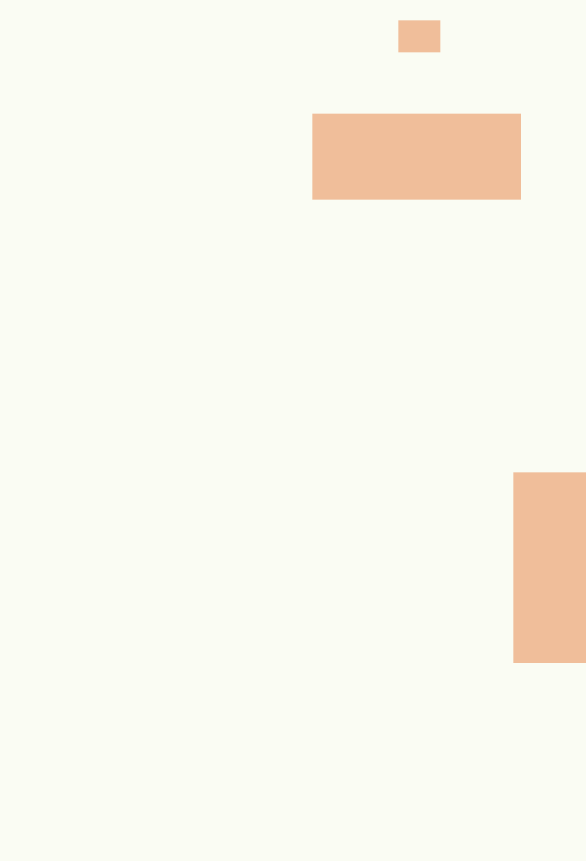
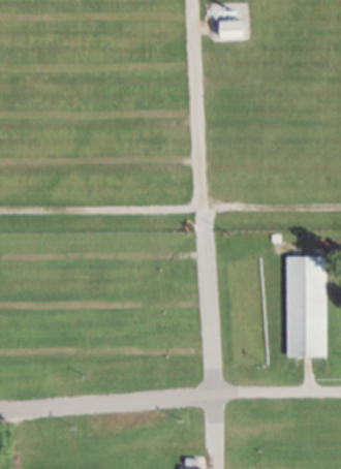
building: [312,113,522,201] -> none

